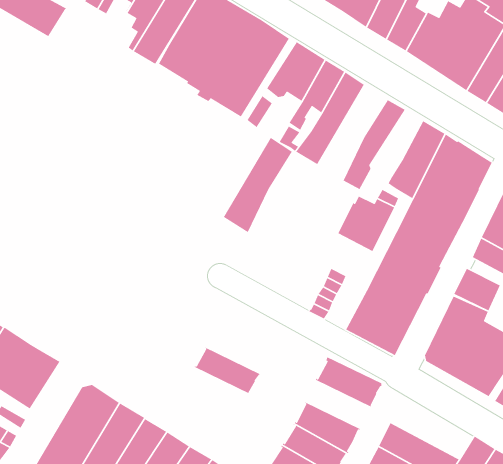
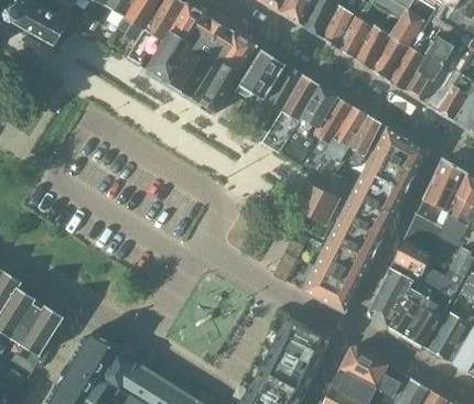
building: none -> [323,106,367,162]
building: [223,137,293,233] -> [279,85,337,165]
building: [194,346,261,395] -> [268,331,324,372]
building: none -> [340,346,406,396]

